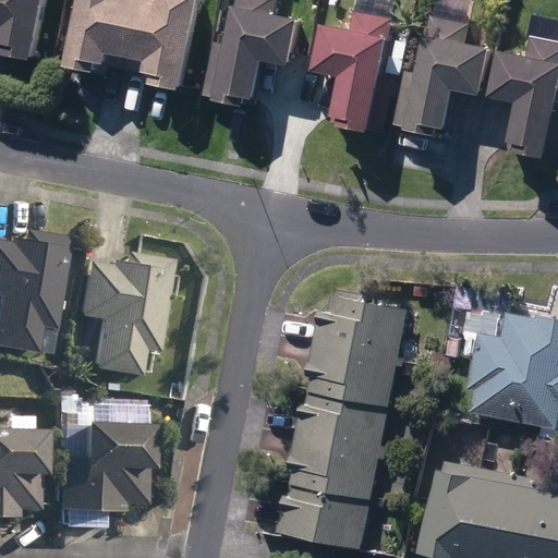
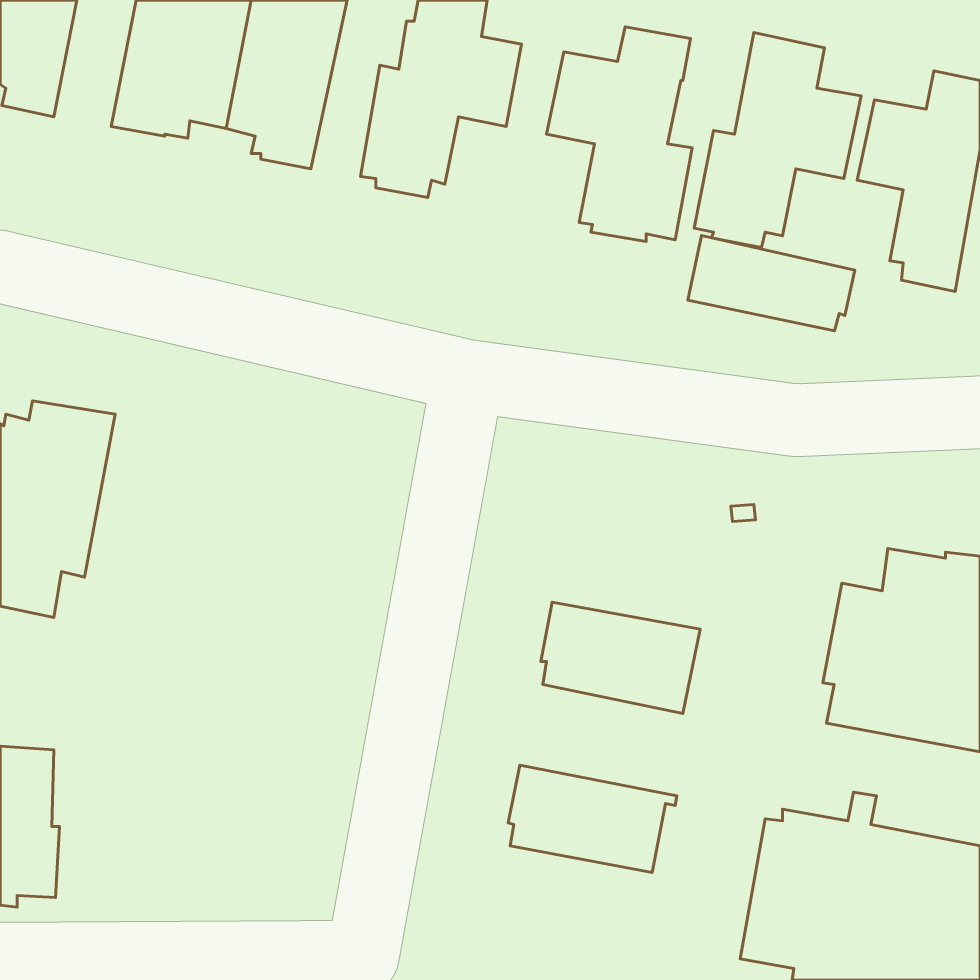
building: none -> [688,236,855,331]
building: [72,250,166,374] -> none
building: [314,293,408,357] -> none
building: [295,389,388,452] -> none
building: [52,408,142,510] -> none
building: [276,481,371,546] -> none

